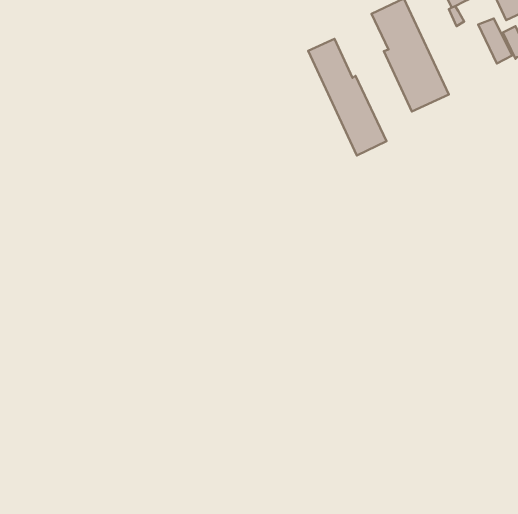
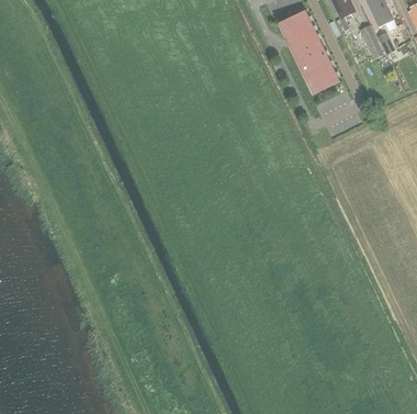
building: [308,39,387,155] -> none

